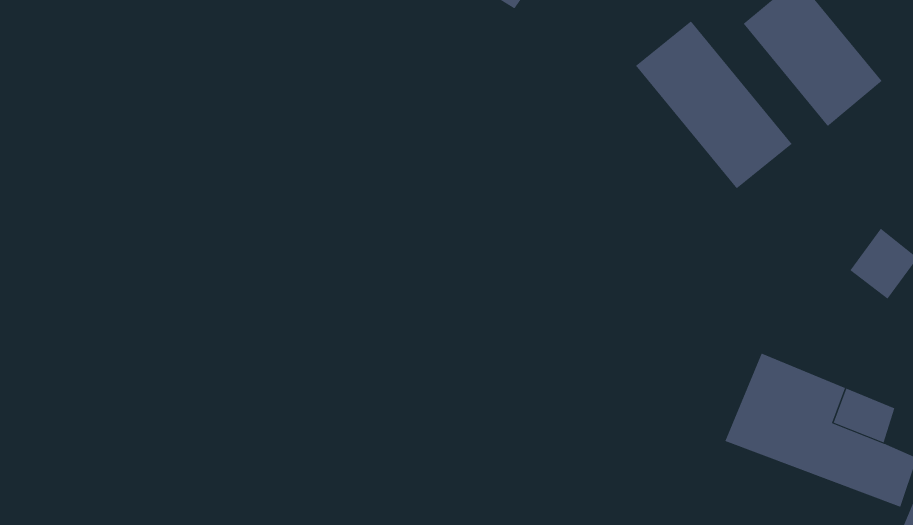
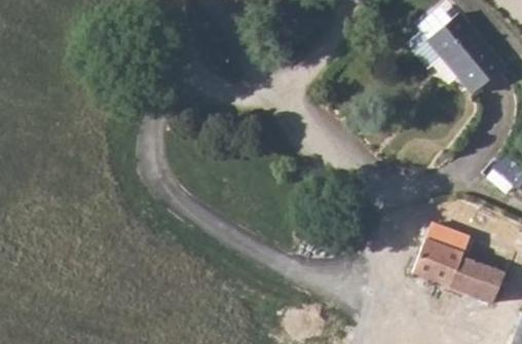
building: [635,20,793,189] -> none

